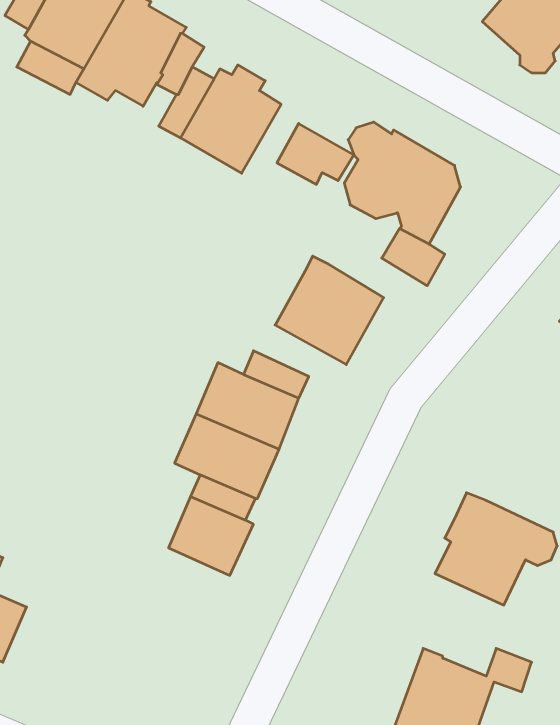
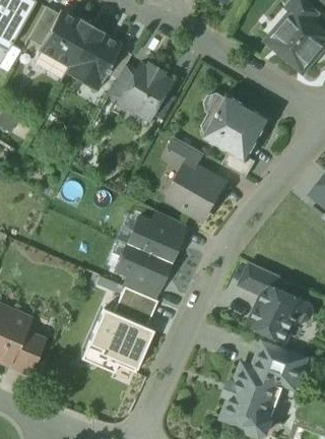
building: [277,123,354,184] -> [164,137,203,169]
building: none -> [240,263,281,296]
building: none -> [89,309,152,367]
building: none -> [254,344,305,379]

